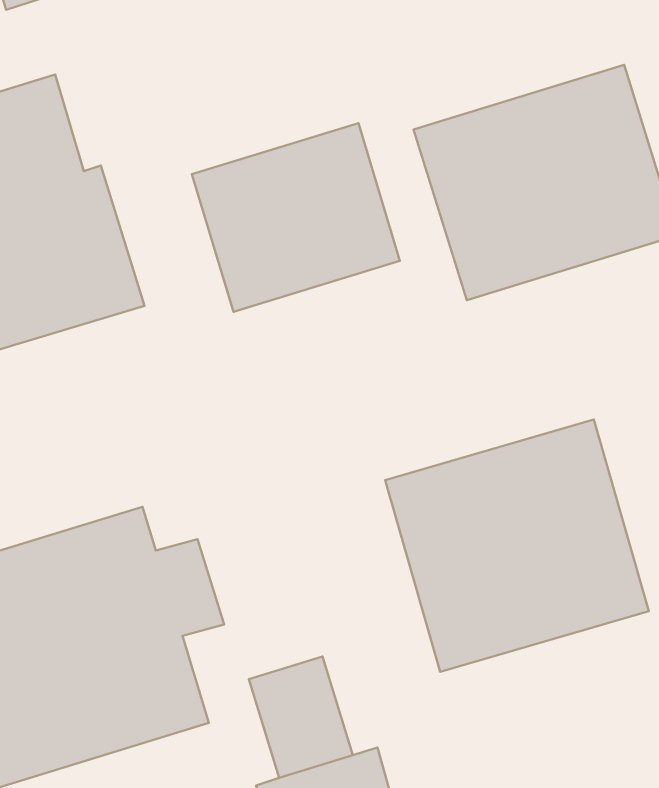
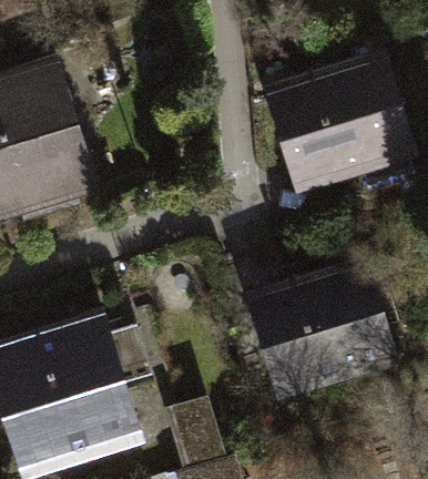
building: [192,123,400,312] -> none

